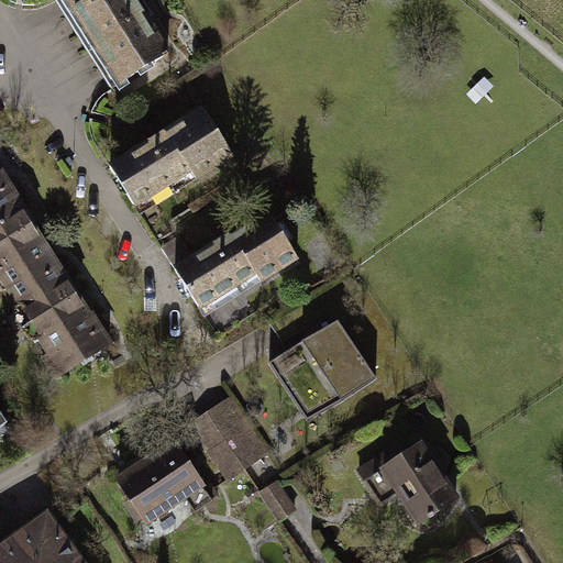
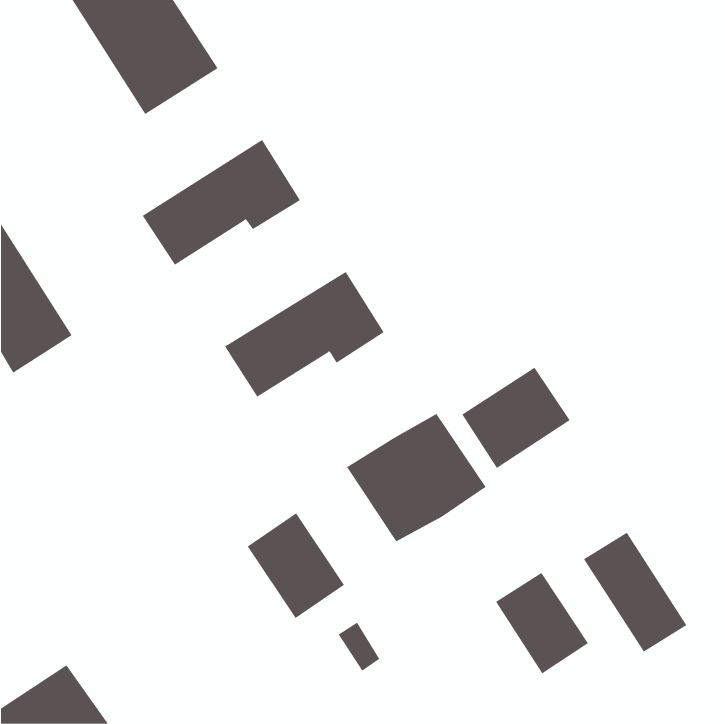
building: [10,260,109,376] -> none
building: none -> [462,367,570,469]
building: none -> [583,532,687,652]
building: [119,438,202,521] -> none

